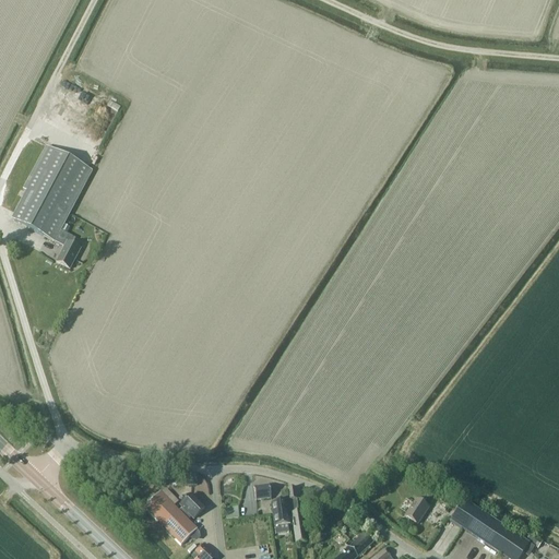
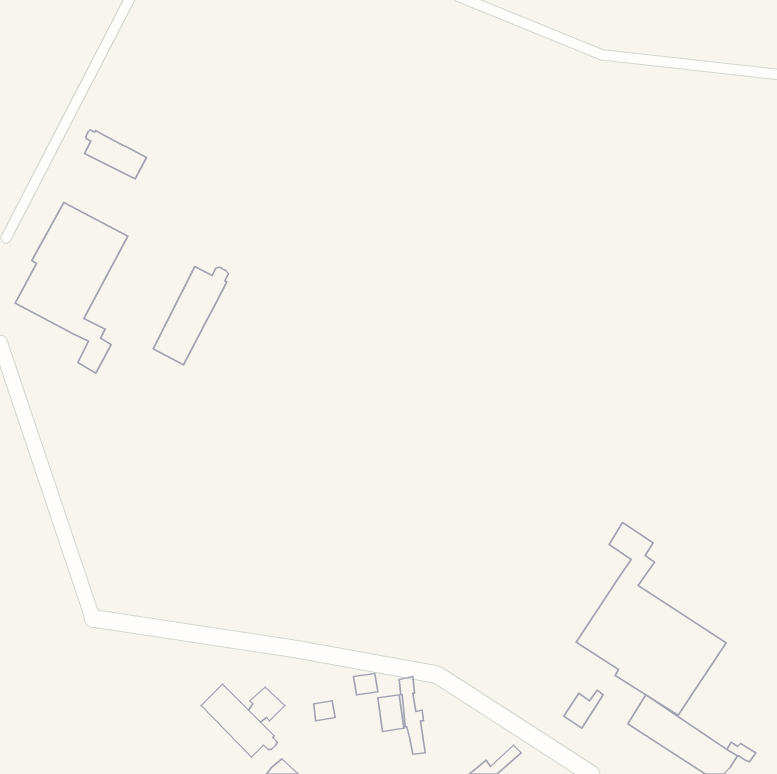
building: none -> [84,130,146,179]
building: none -> [153,267,229,365]
building: none -> [576,523,726,715]

